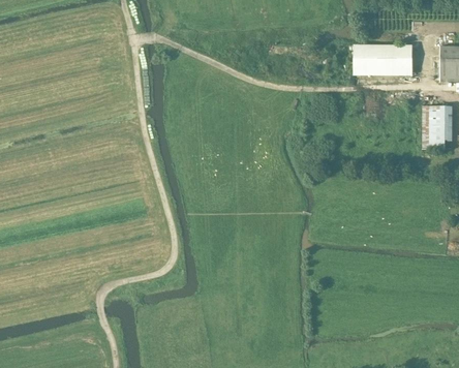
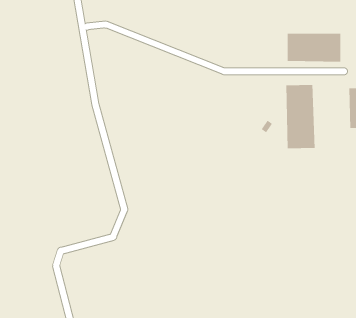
building: none -> [286,84,315,149]

